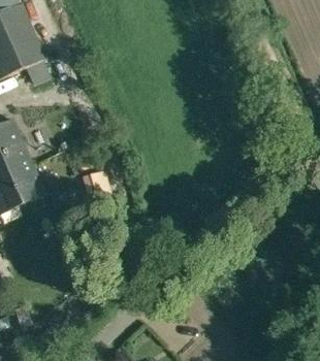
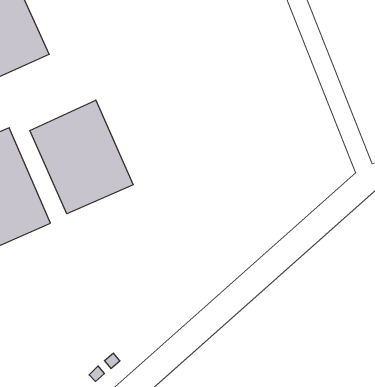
building: none -> [30,100,133,214]

